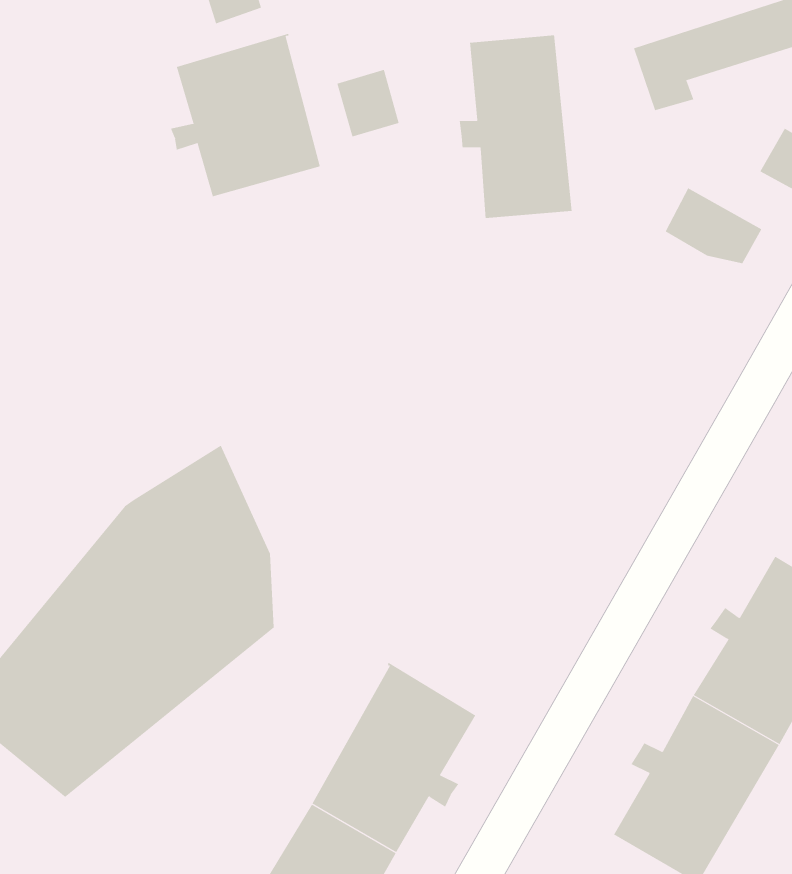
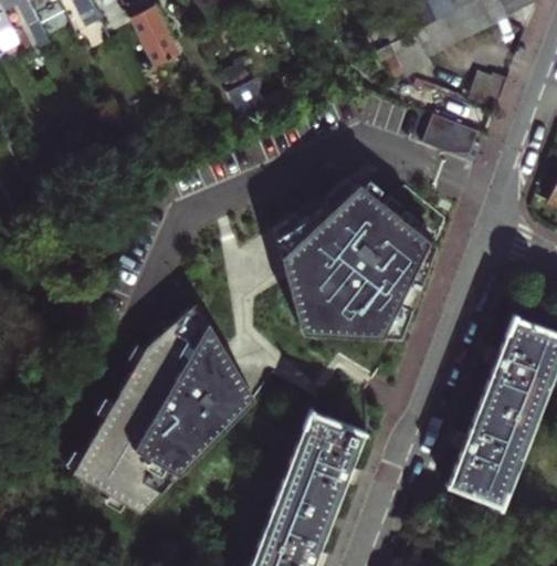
building: [170,33,320,197] -> none
building: [459,34,572,219] -> none
building: none -> [276,184,435,337]

